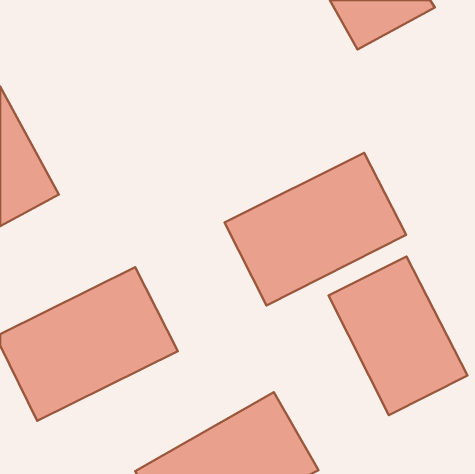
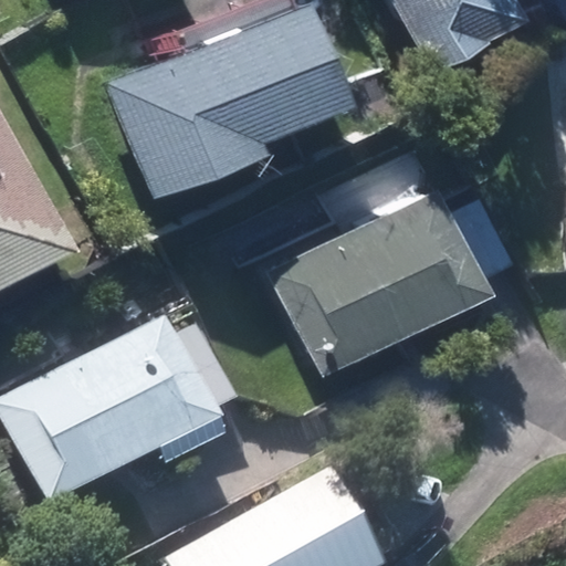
building: none -> [112,11,353,197]
building: [328,256,467,415] -> none

